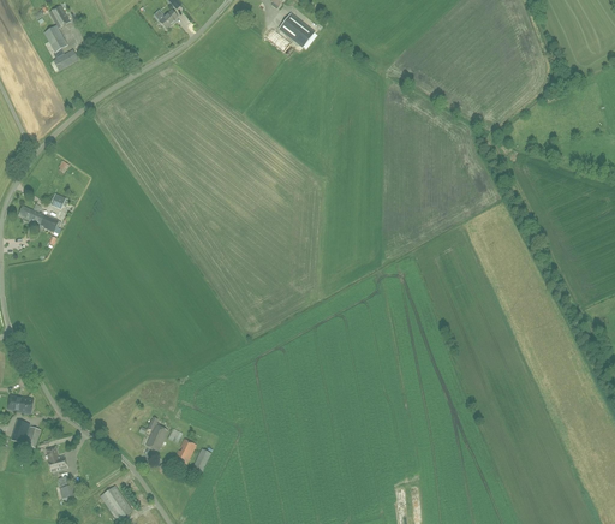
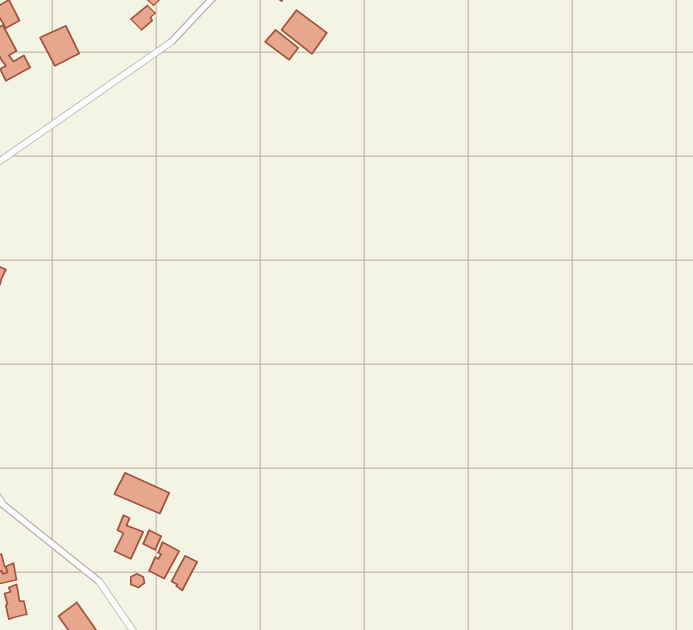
building: none -> [40,26,79,66]
building: none -> [115,473,169,514]

